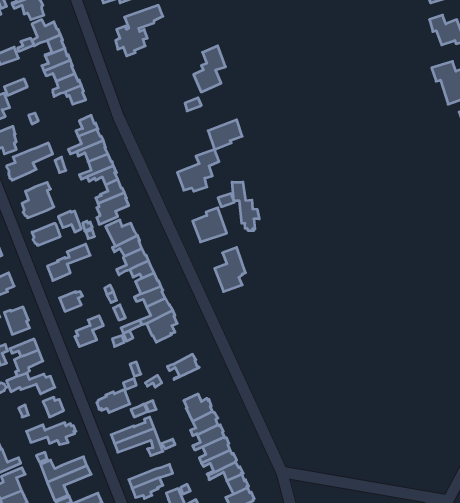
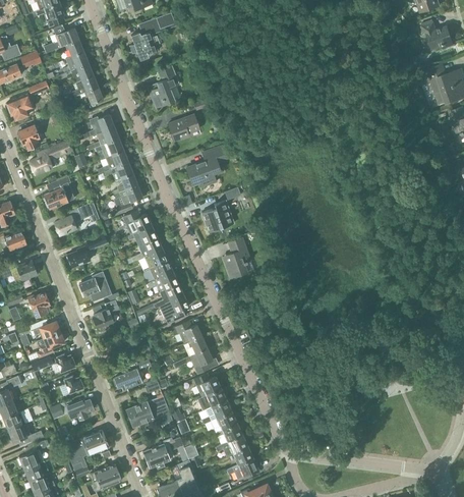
building: [194,46,226,92] -> [151,65,180,108]
building: [208,120,242,149] -> [169,113,200,141]
building: [232,182,259,231] -> none
building: none -> [172,320,202,344]
building: none -> [185,347,214,374]

